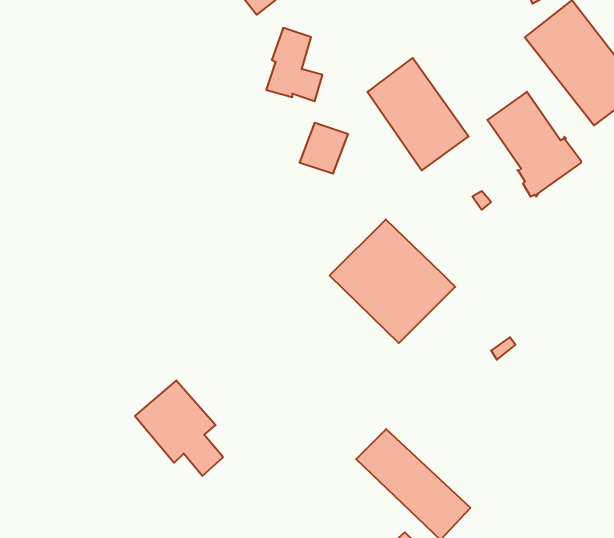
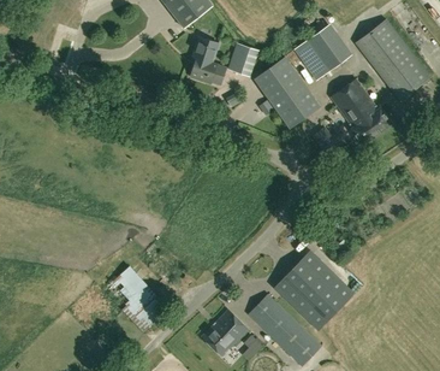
building: none -> [296,26,349,80]
building: [299,123,348,174] -> [228,43,260,76]
building: [330,219,455,343] -> [274,251,355,330]
building: none -> [202,310,249,357]

